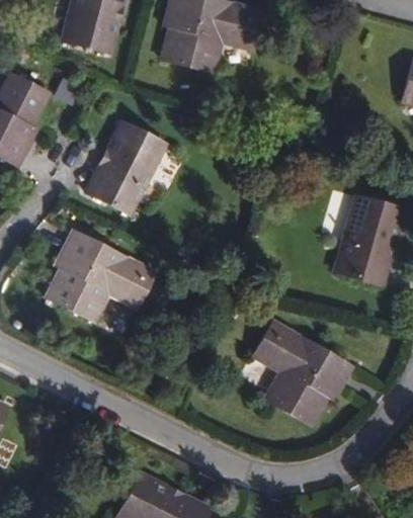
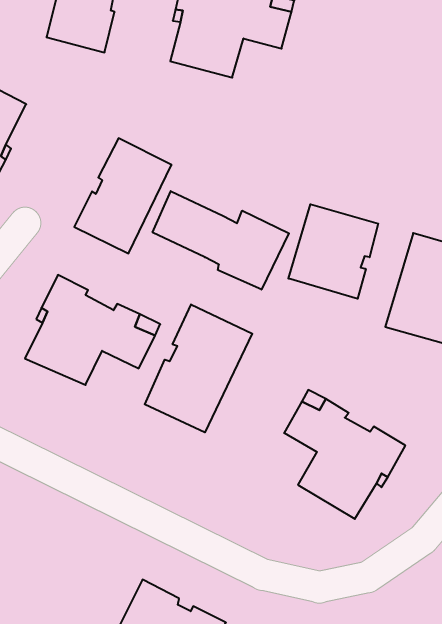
building: none -> [153,191,289,290]
building: none -> [288,204,378,299]
building: none -> [145,304,252,432]

